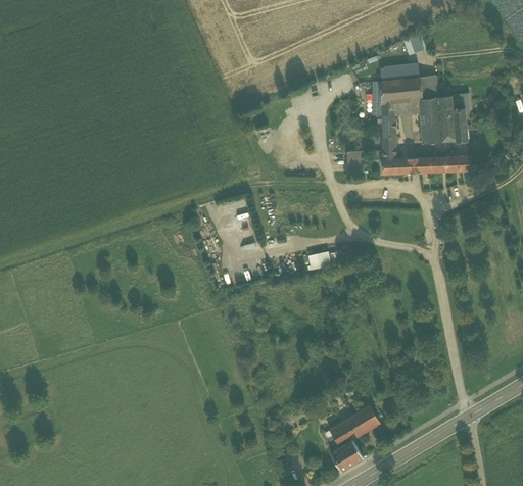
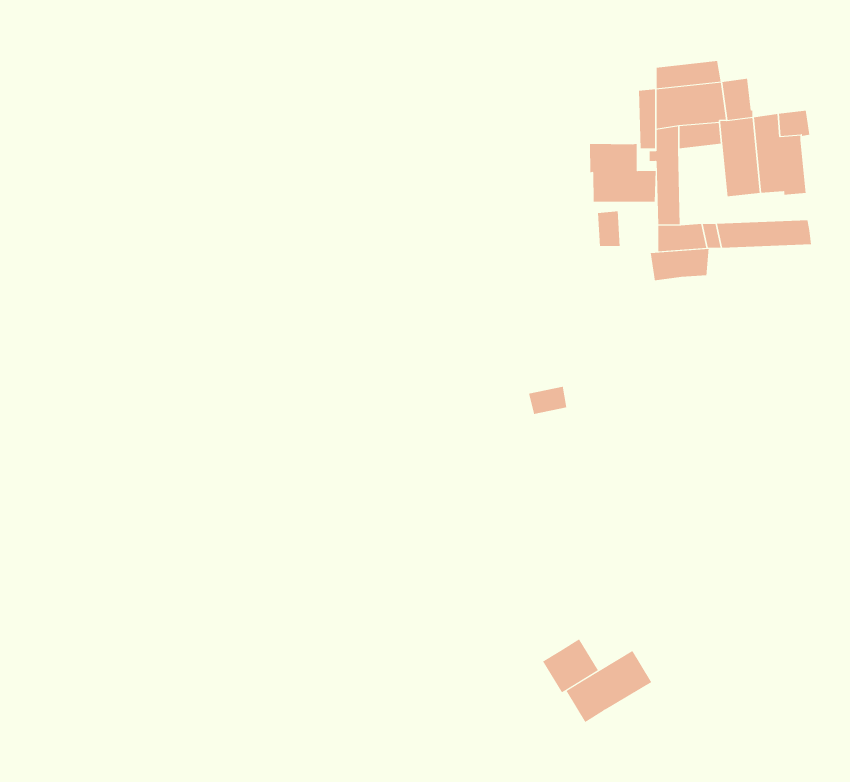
building: none -> [590,143,656,202]
building: none -> [650,248,709,281]
building: [330,439,363,471] -> [542,638,599,693]

